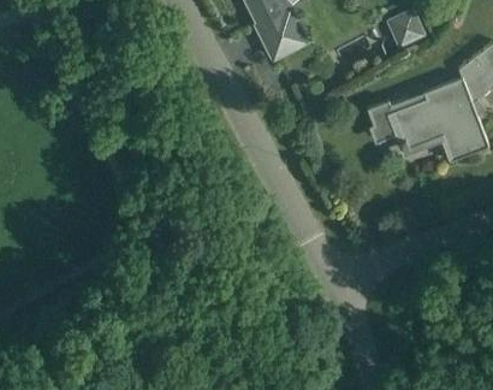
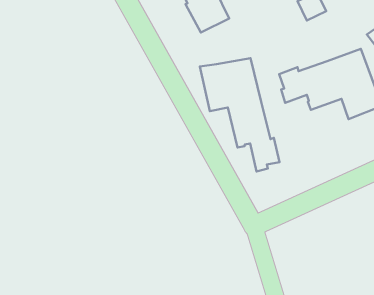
building: none -> [200,58,279,172]

